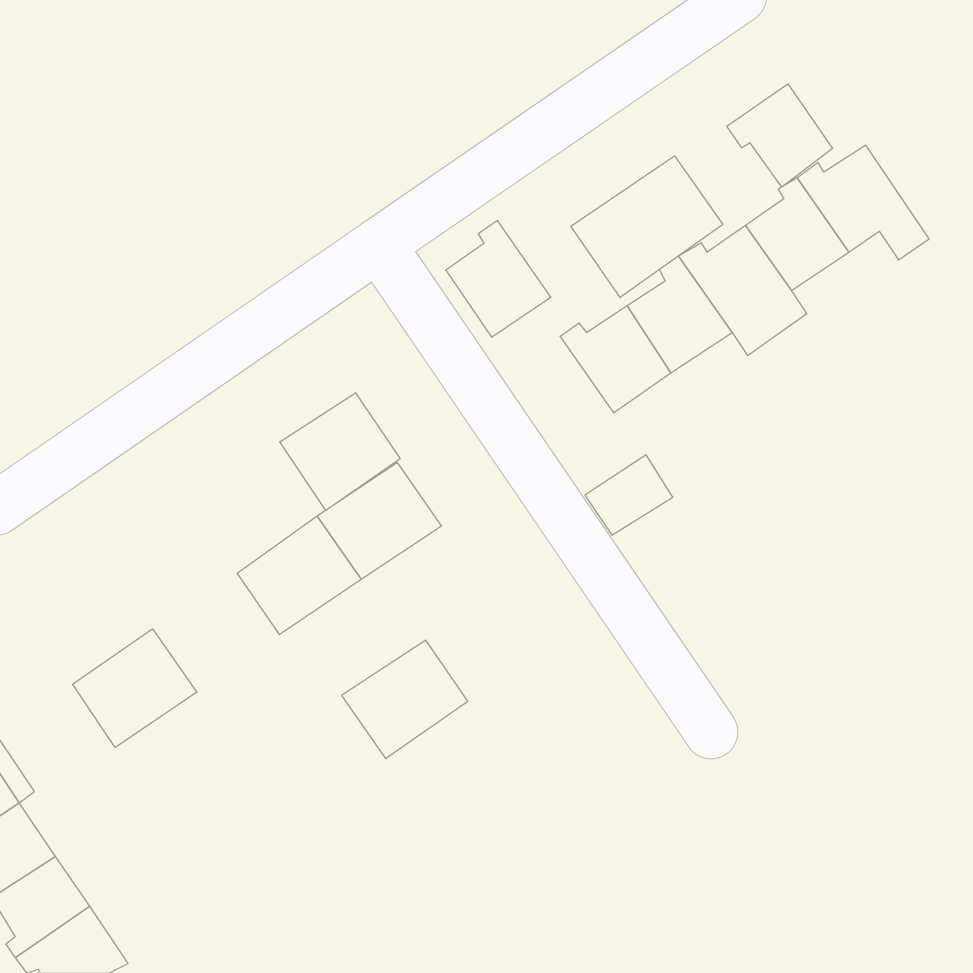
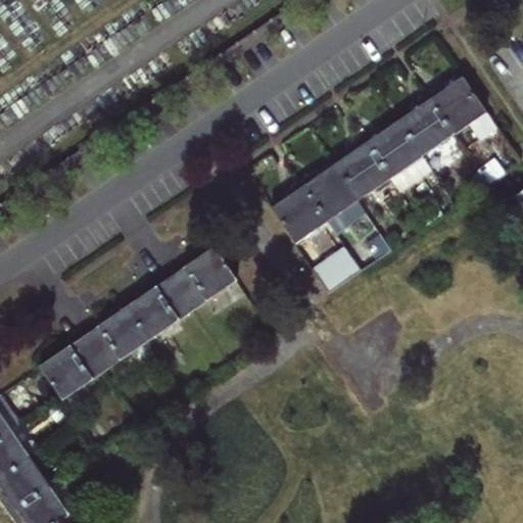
building: [727,84,833,187] -> none
building: [571,156,723,298] -> none
building: [446,221,551,337] -> [272,180,328,242]
building: [280,393,400,511] -> none
building: [342,640,468,759] -> [82,306,149,370]

